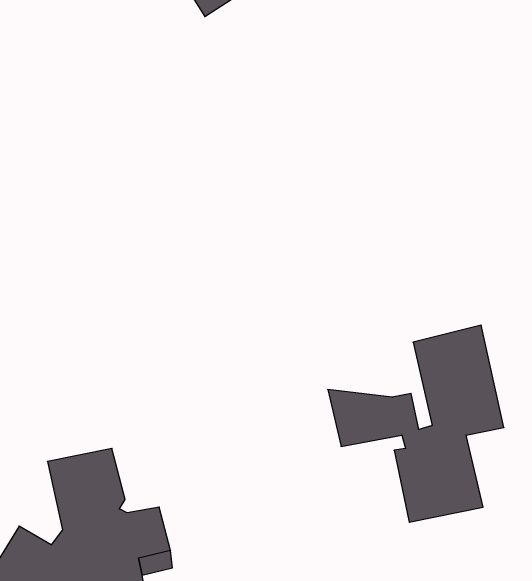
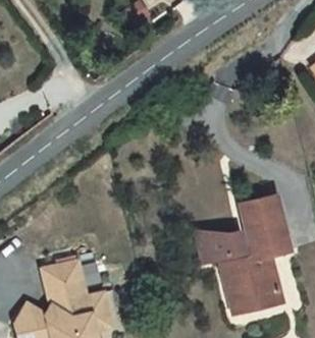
building: none -> [221,263,279,313]

